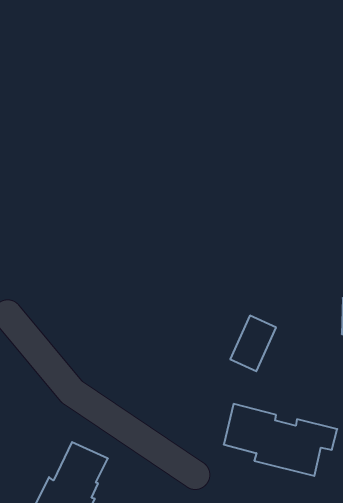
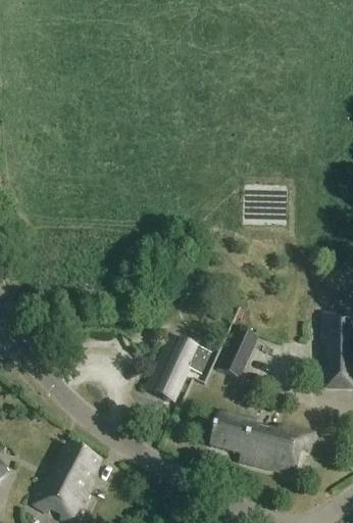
building: none -> [146,333,213,401]

